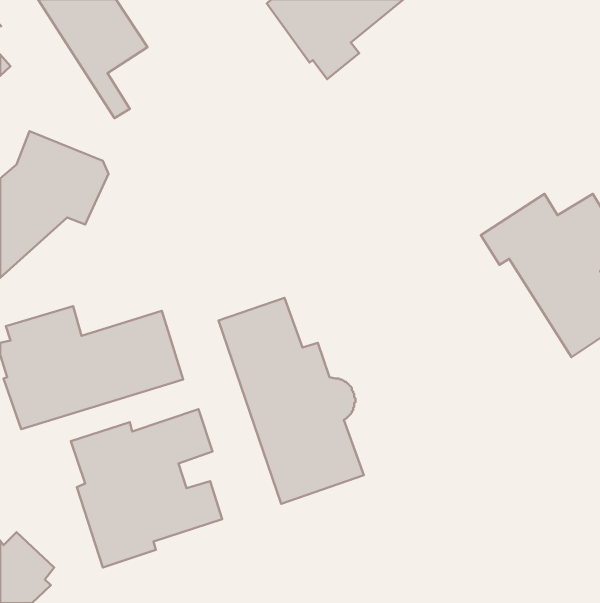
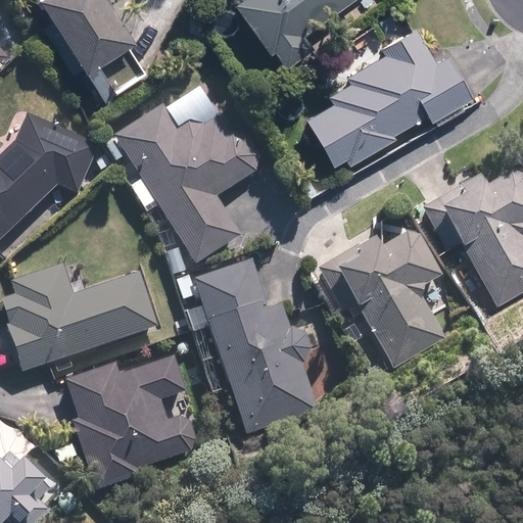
building: none -> [304,20,476,167]
building: none -> [110,89,268,266]
building: none -> [319,226,446,369]

